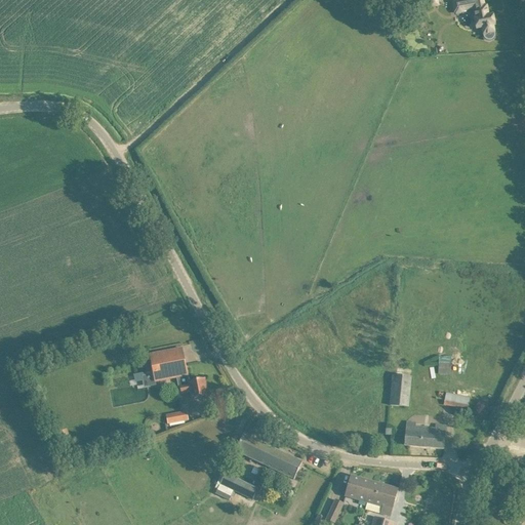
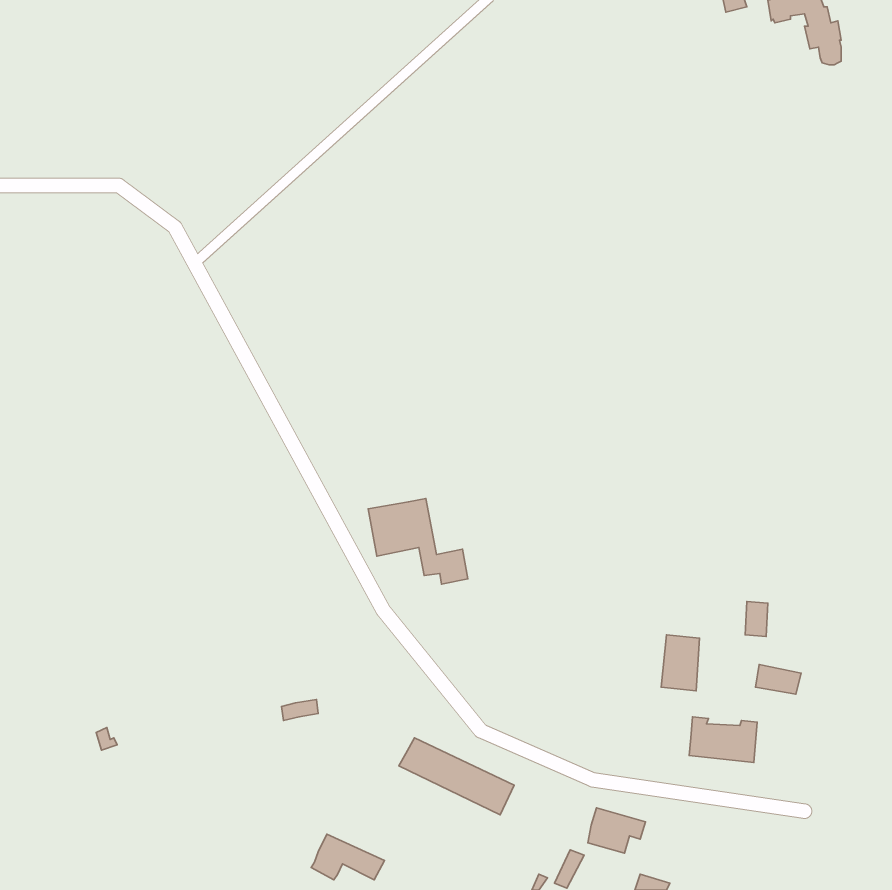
building: [148,347,206,397] -> [368,498,468,584]
building: [214,472,257,498] -> [311,834,385,880]
building: [364,482,397,515] -> none

